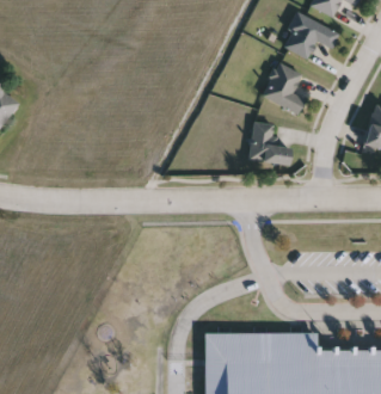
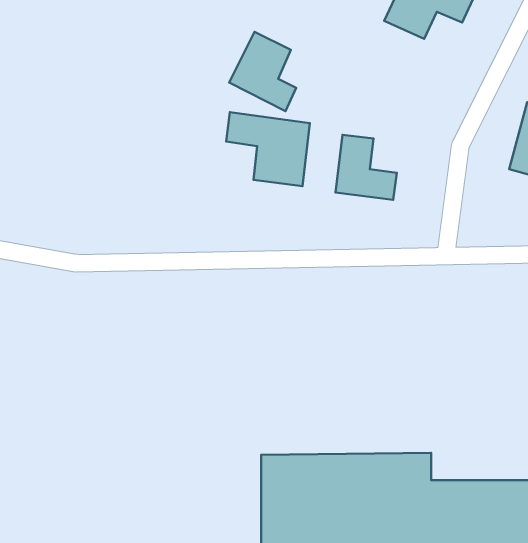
building: [262,62,306,115] -> [229,32,296,111]
building: none -> [226,112,310,186]

